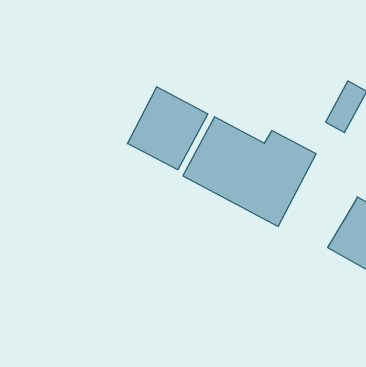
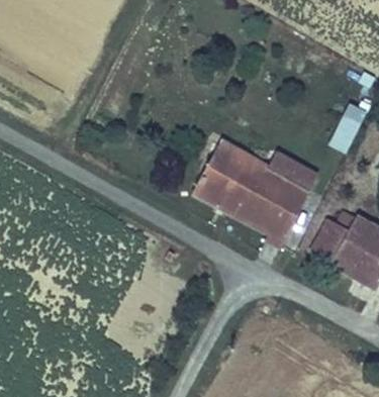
building: [127,87,208,170] -> none
building: none -> [308,210,357,263]

